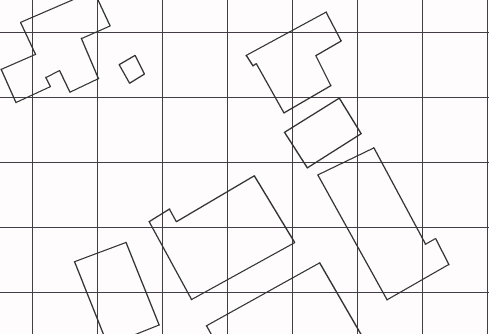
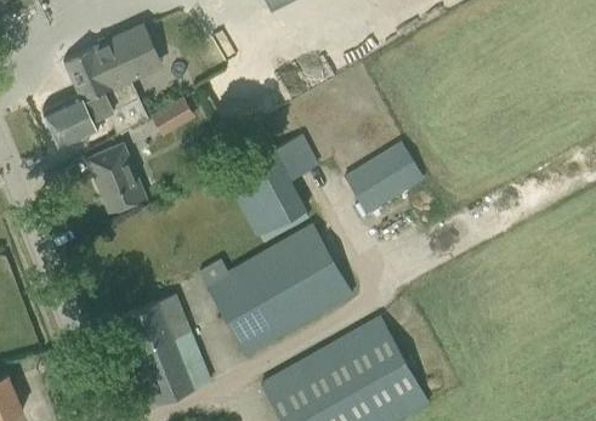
building: [246,12,341,113] -> [217,135,318,241]
building: none -> [86,143,146,211]
building: [318,148,449,300] -> none

